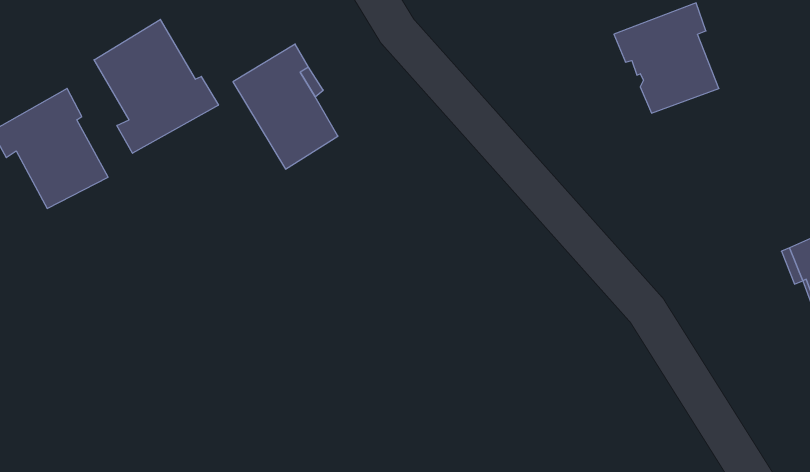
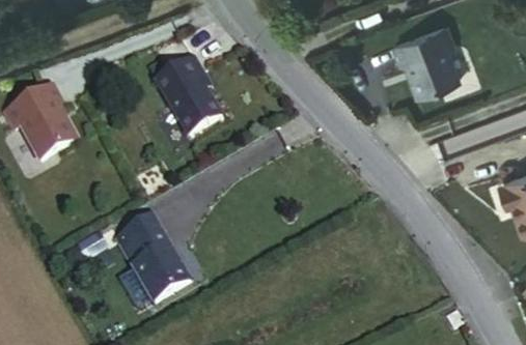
building: [94,19,218,153] -> none
building: none -> [115,215,190,303]

